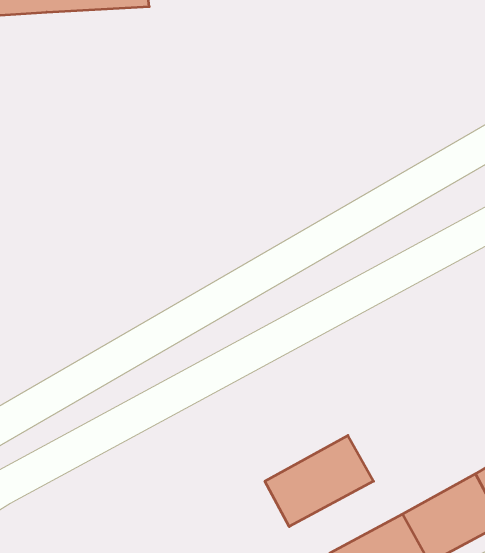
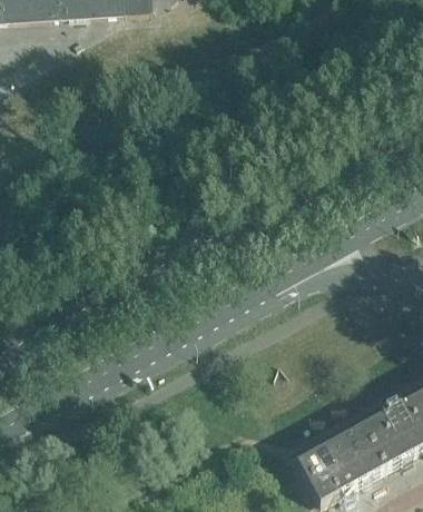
building: [265,435,374,527] -> none

